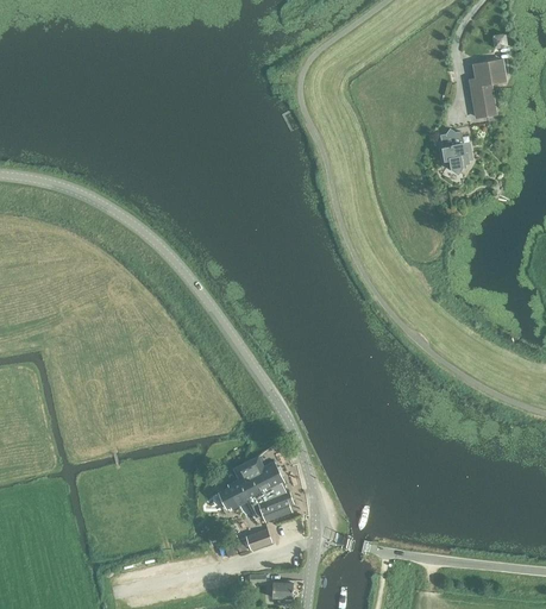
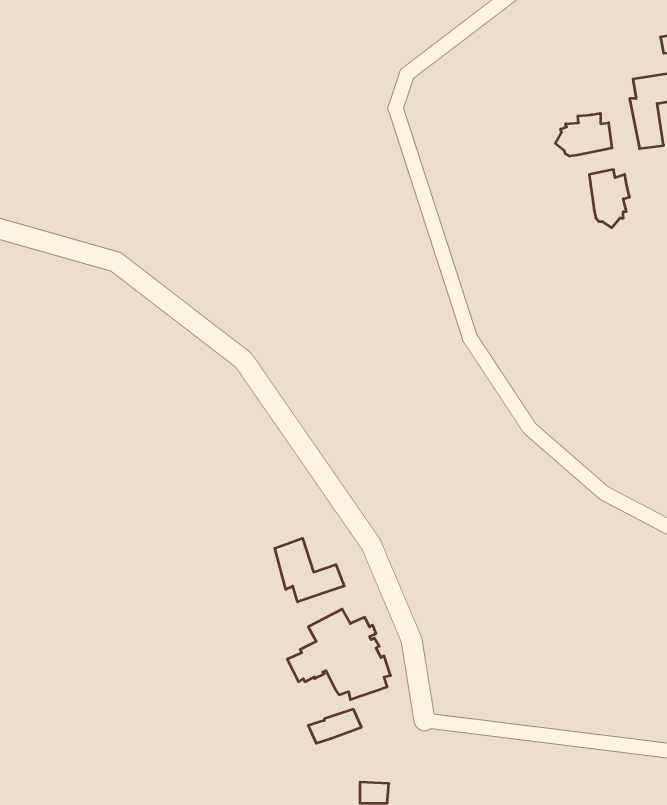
building: none -> [555,113,612,156]
building: none -> [275,538,344,602]

